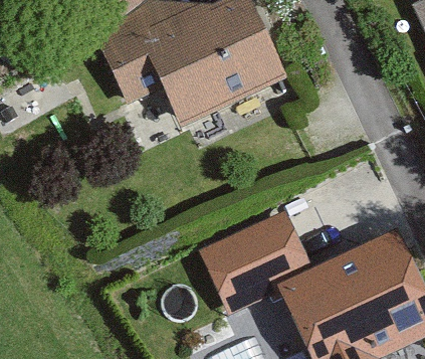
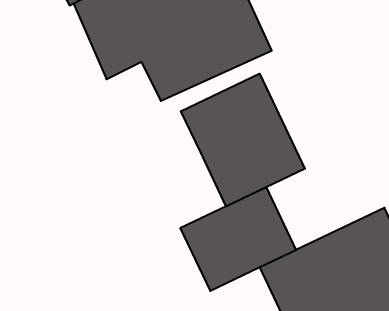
building: none -> [181,74,305,206]

